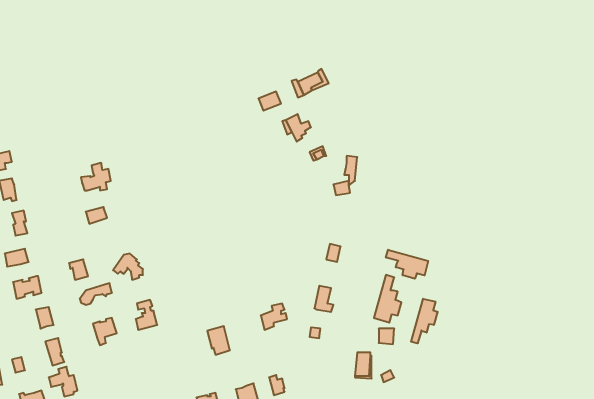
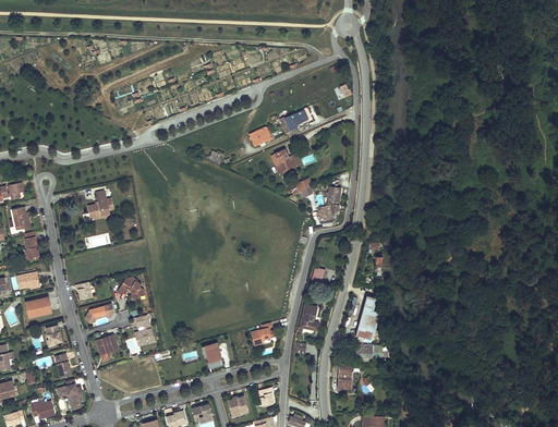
building: [386,250,428,279] -> none
building: [411,299,438,343] -> none

